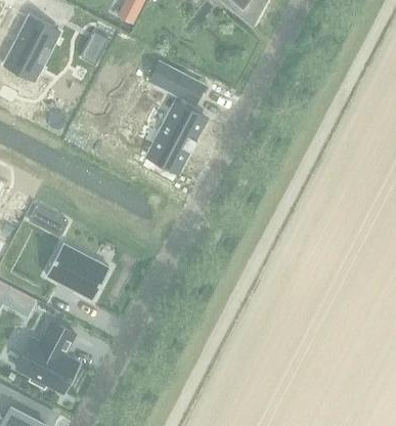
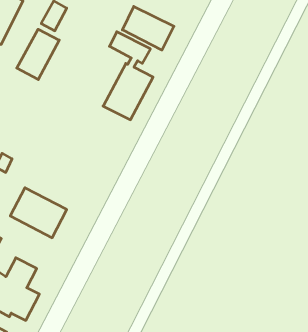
building: none -> [122,6,174,50]
building: none -> [17,29,59,80]

